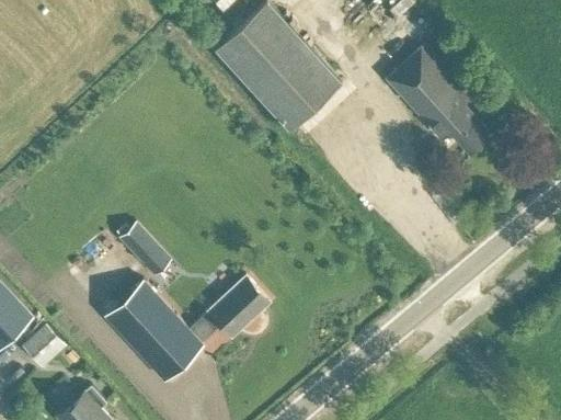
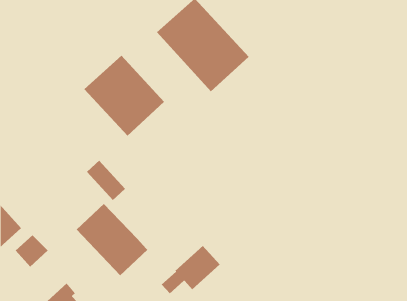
building: [385,43,491,154] -> none
building: none -> [84,55,165,137]
building: [188,275,270,342] -> [161,245,220,294]

